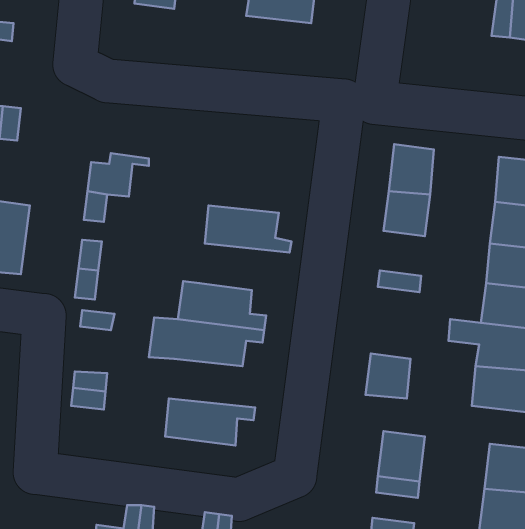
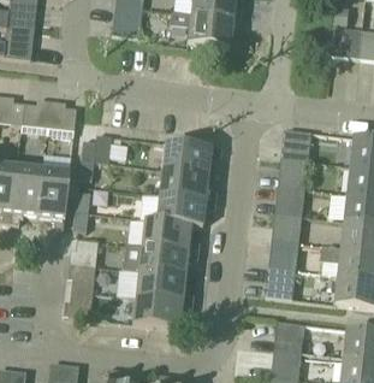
building: none -> [47,102,76,134]
building: none -> [161,140,221,171]
building: none -> [36,166,69,226]
building: none -> [275,183,305,213]
building: none -> [139,192,215,224]
building: none -> [269,237,299,269]
building: none -> [135,269,194,301]

